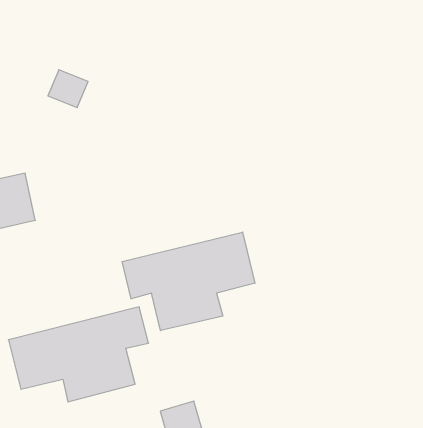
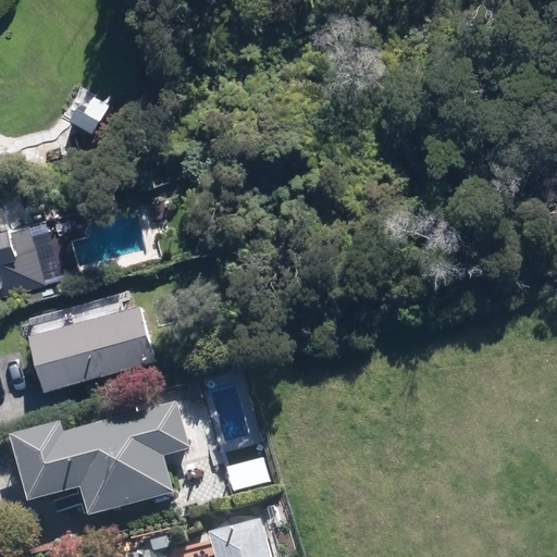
building: none -> [26,301,152,388]
building: [122,232,255,331] -> none

